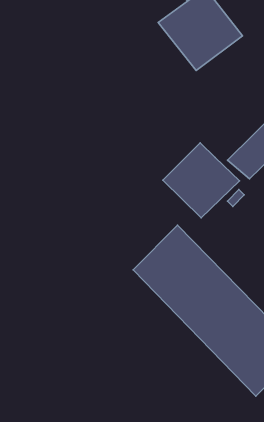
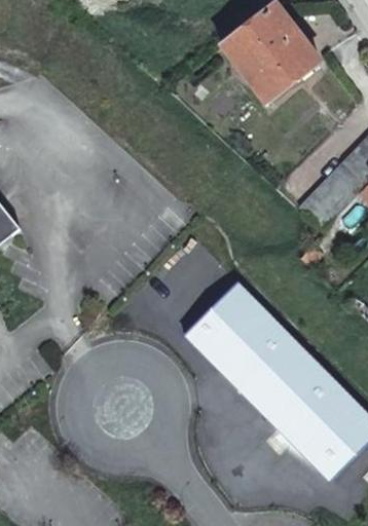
building: [163,143,240,218] -> none

